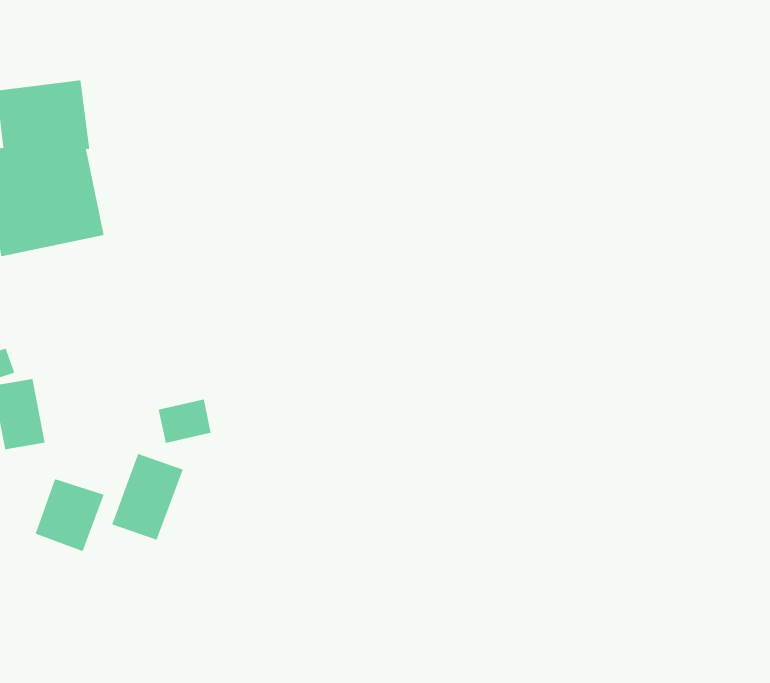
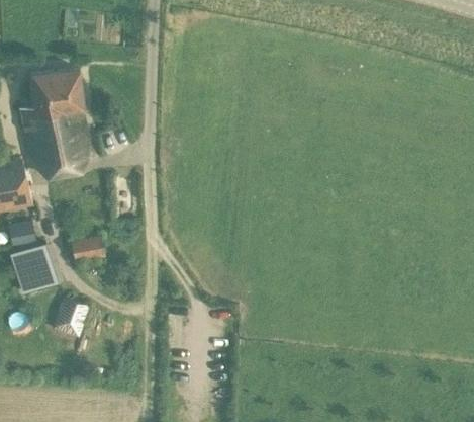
building: [158,399,212,444] -> [71,237,101,262]
building: [112,453,183,541] -> none

